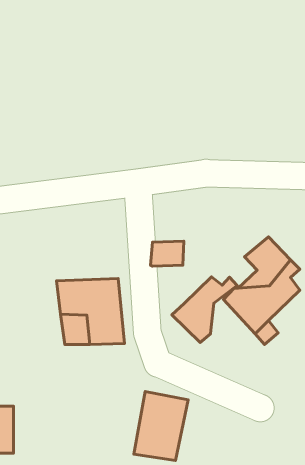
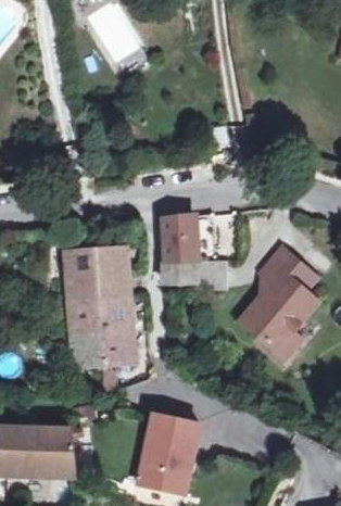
building: none -> [163,211,198,256]
building: none -> [60,248,127,296]
building: [172,277,237,342] -> none
building: none -> [18,427,78,476]

